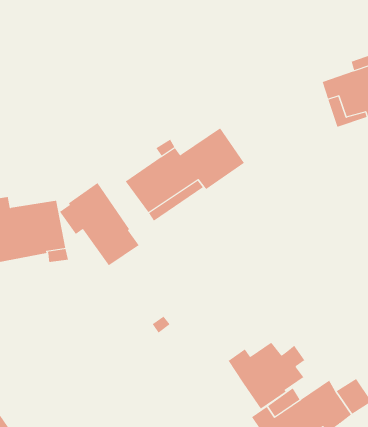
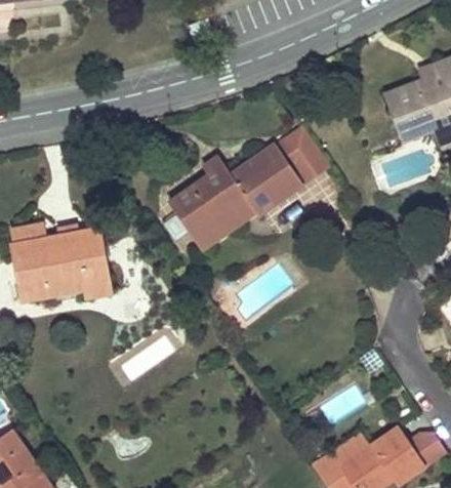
building: none -> [278,130,329,186]
building: [59,182,140,266] -> none
building: [228,342,305,410] -> none

